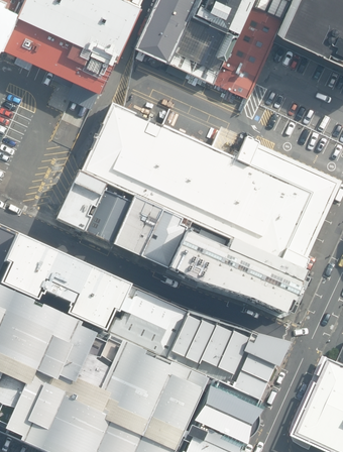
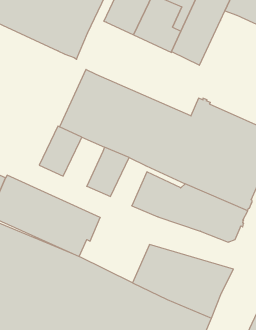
building: [84,190,131,243] -> none
building: [140,209,184,266] -> none
building: [103,280,187,358] -> none

